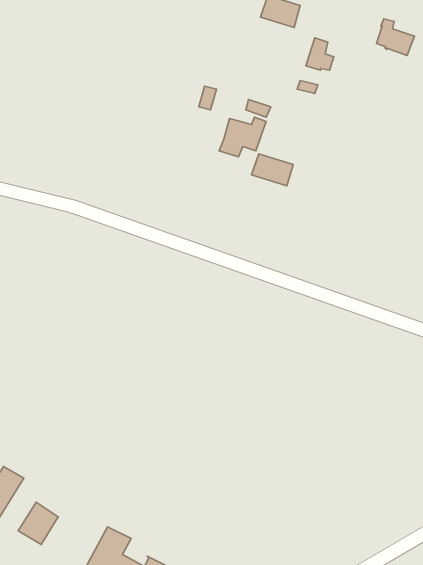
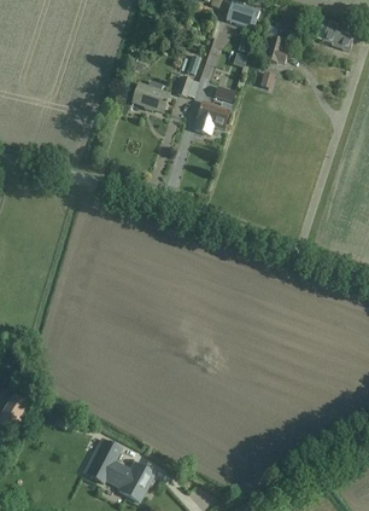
building: none -> [133,79,169,110]
building: [251,154,293,186] -> none
building: [18,502,58,545] -> none

